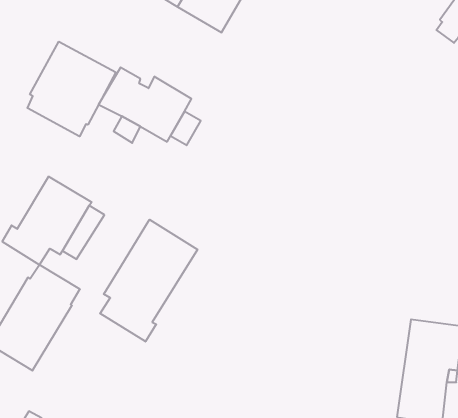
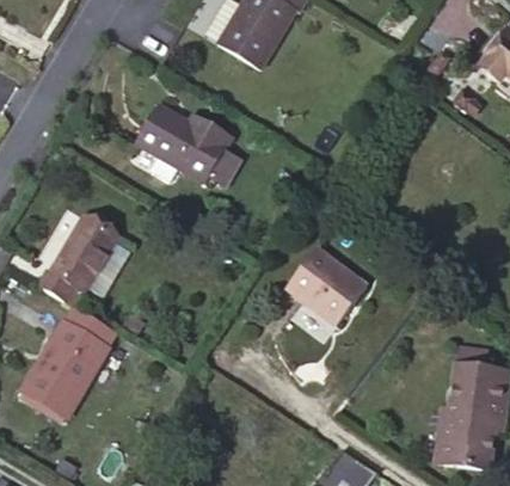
building: [27,42,116,136] -> none
building: none -> [285,244,365,321]
building: [100,220,197,342] -> none

